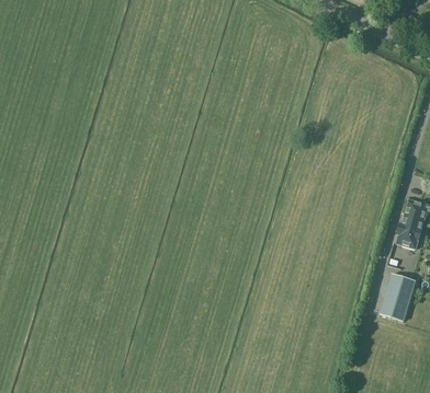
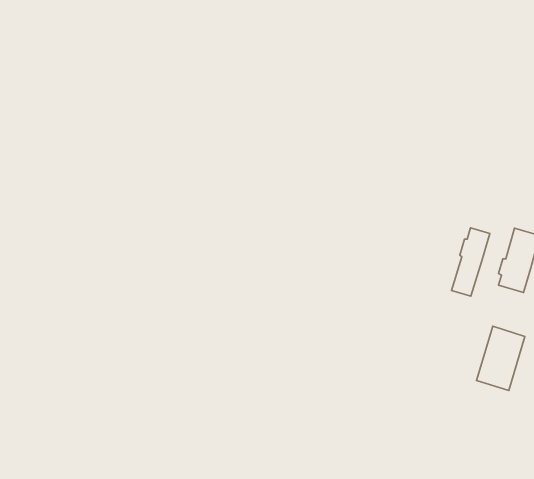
building: none -> [452,228,490,296]

